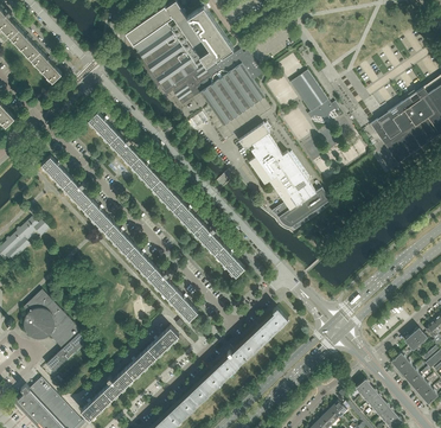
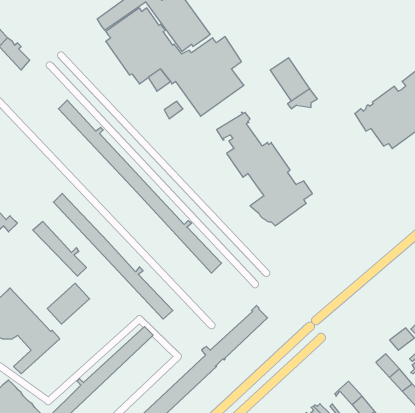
building: [40,156,91,209] -> [33,221,86,276]
building: none -> [47,283,90,324]

